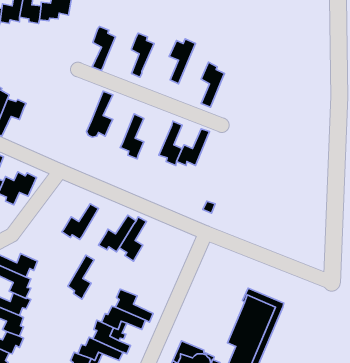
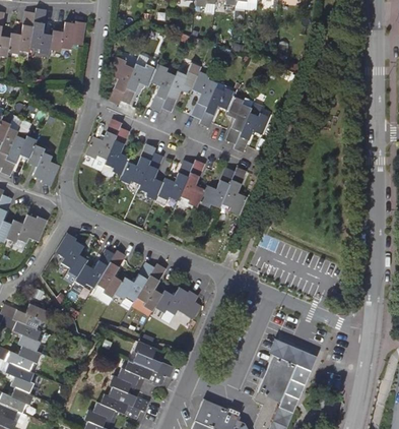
building: none -> [120,54,155,105]
building: none -> [161,71,197,112]
building: none -> [199,87,235,128]
building: none -> [234,112,269,152]
building: none -> [85,118,122,160]
building: none -> [120,143,155,184]
building: none -> [27,144,60,186]
building: none -> [157,160,194,200]
building: none -> [221,167,247,214]
building: none -> [56,233,87,277]
building: none -> [155,287,200,318]
building: [68,255,94,299] -> [97,250,126,298]

